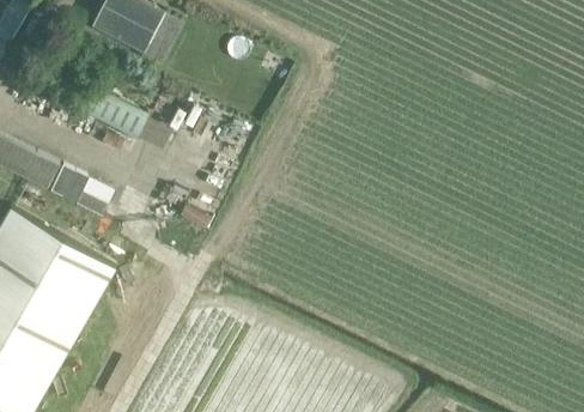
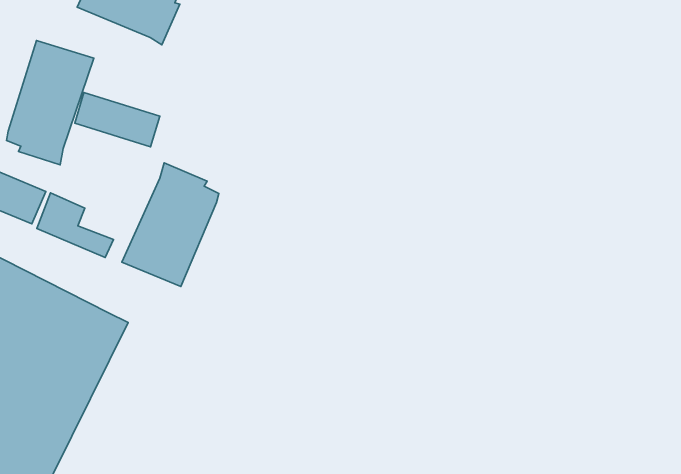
building: none -> [7,41,94,165]
building: none -> [122,163,219,287]

